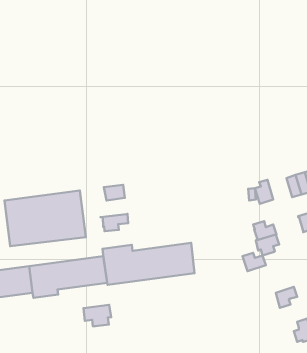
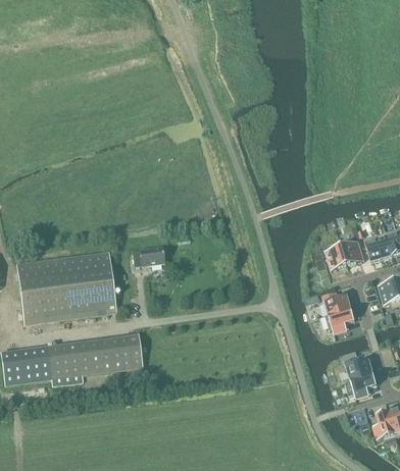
building: none -> [340,237,363,264]
building: [100,214,128,231] -> none
building: [103,243,195,285] -> none
building: [243,253,266,271] -> [344,356,372,378]
building: [84,305,111,326] -> none

